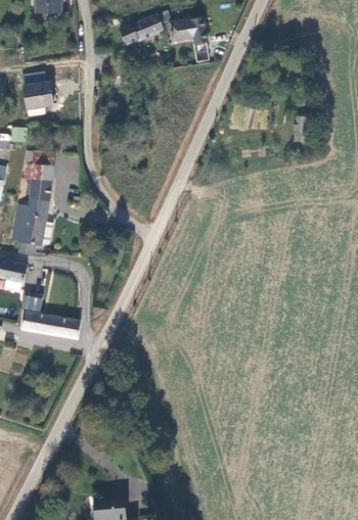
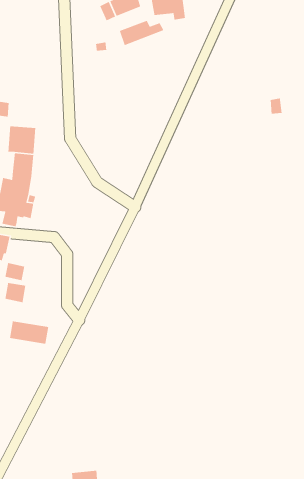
building: none -> [119,20,164,46]
building: [21,81,53,110] -> none
building: [40,315,81,339] -> [9,320,49,344]

